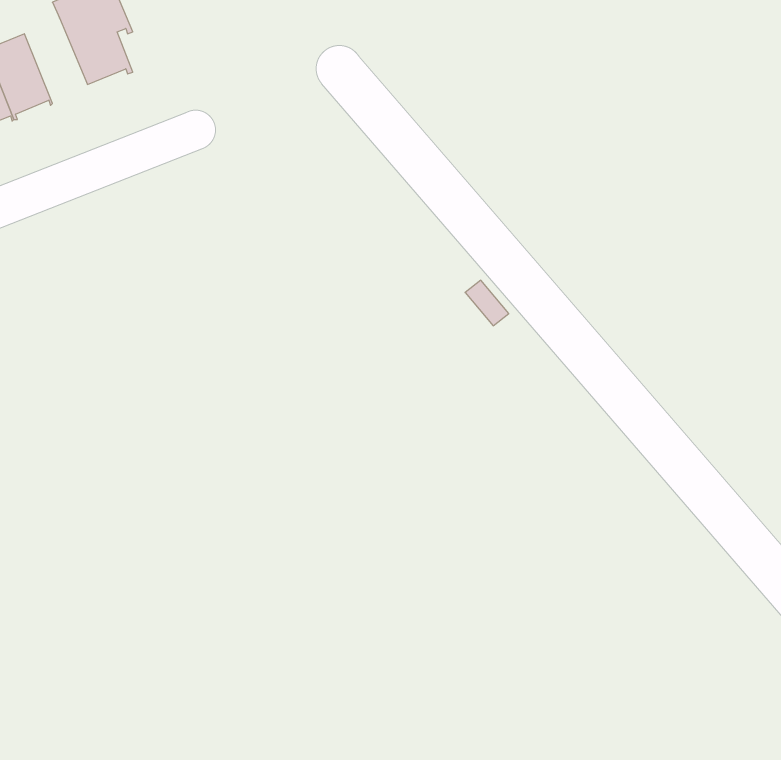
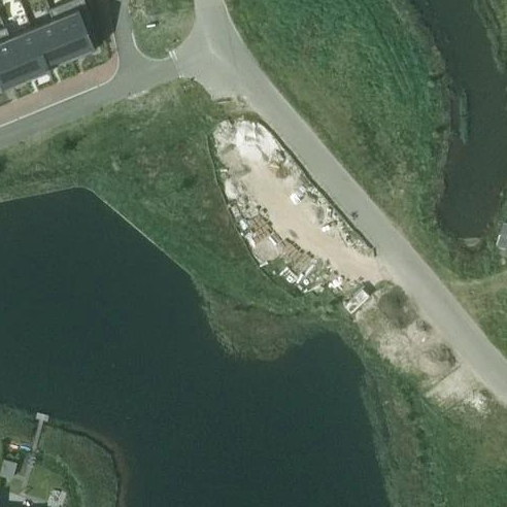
building: none -> [31,21,68,71]

